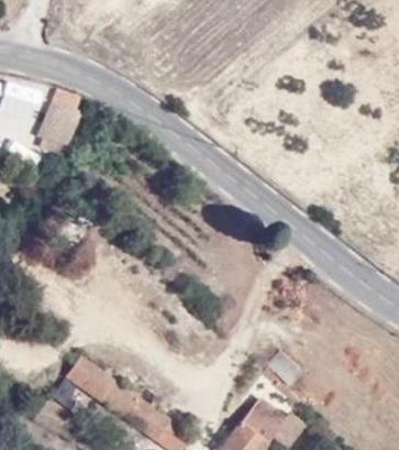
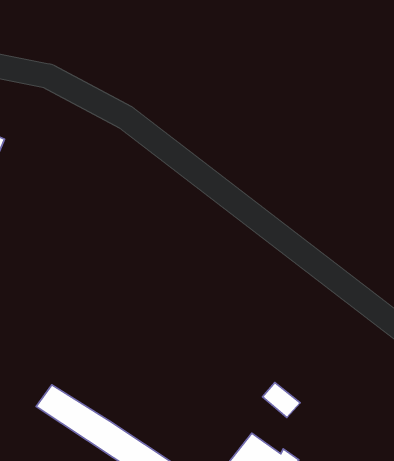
building: [41,103,78,149] -> none

